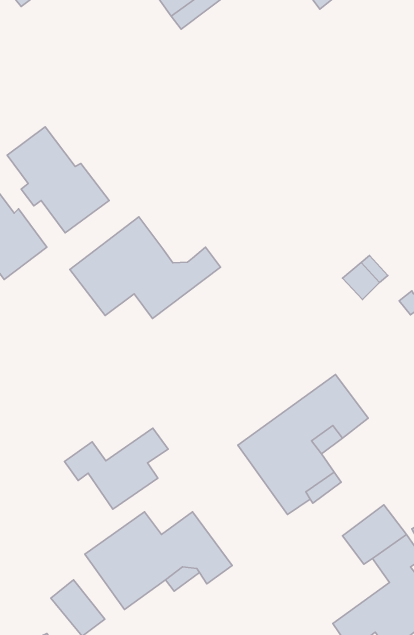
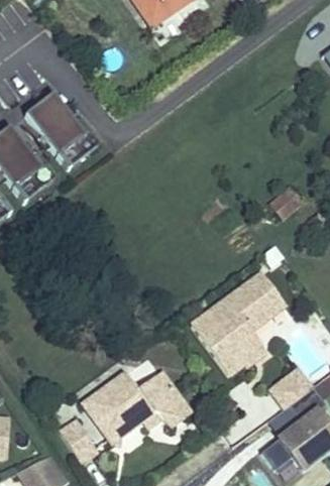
building: [70,217,221,318] -> none
building: [65,428,168,509] -> none

